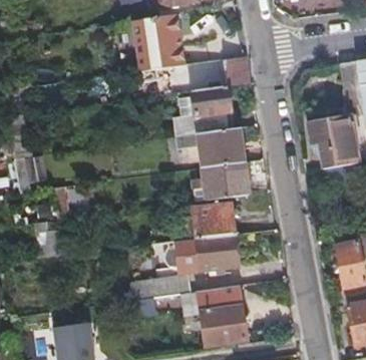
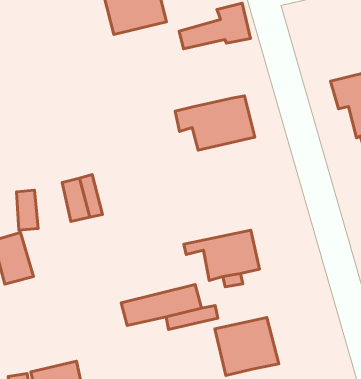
building: [193,86,230,132] -> none
building: [192,160,249,198] -> none
building: [145,202,235,243] -> none

